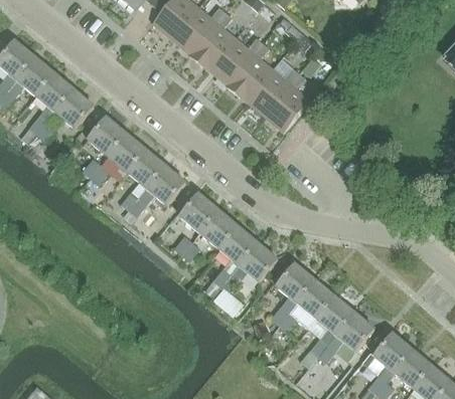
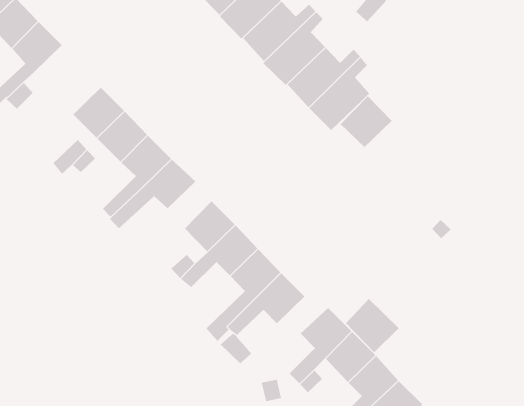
building: [54,88,94,128] -> none
building: none -> [340,96,393,148]
building: none -> [345,298,399,353]

